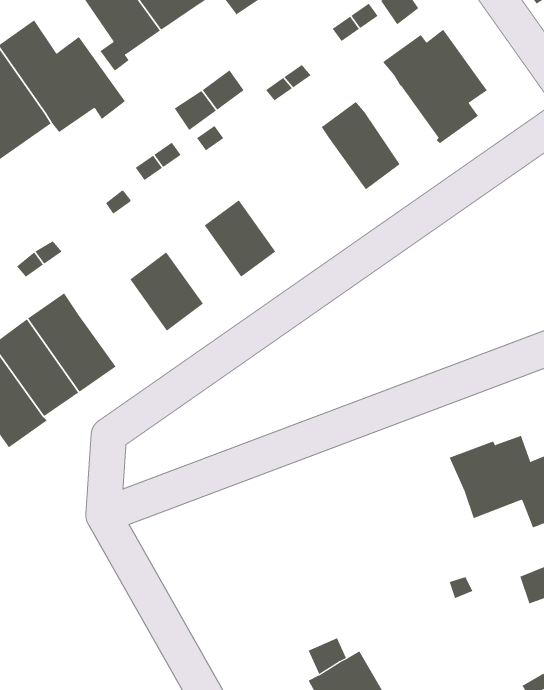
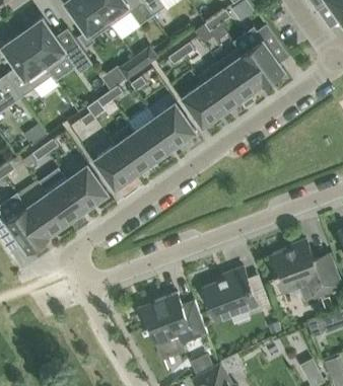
building: none -> [218,50,263,98]
building: none -> [184,84,223,127]
building: none -> [154,103,195,146]
building: none -> [109,124,155,174]
building: none -> [67,165,108,209]
building: none -> [199,268,270,322]
building: none -> [138,293,207,345]

